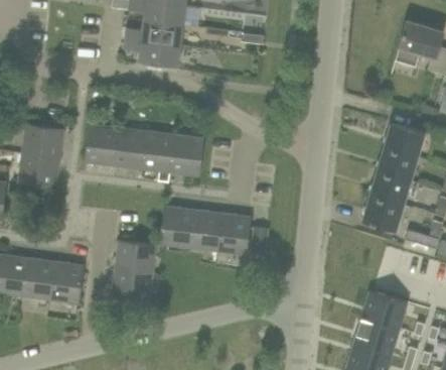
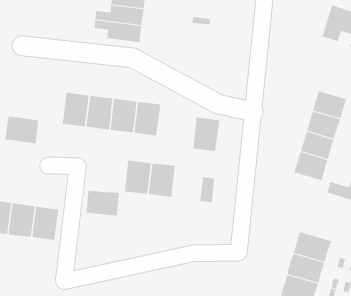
building: [21,124,62,157] -> none
building: [217,212,251,253] -> [192,117,220,151]
building: [112,268,152,300] -> none

